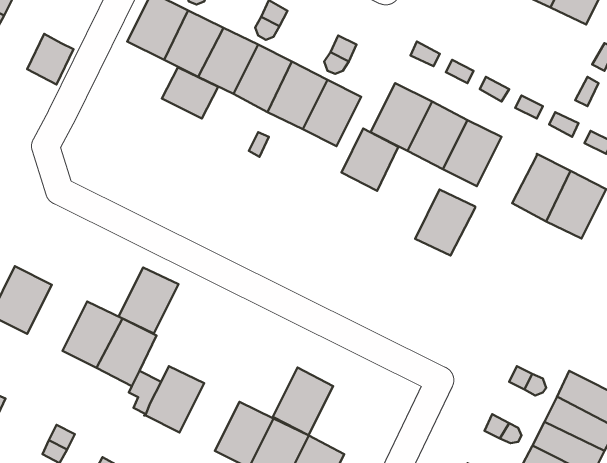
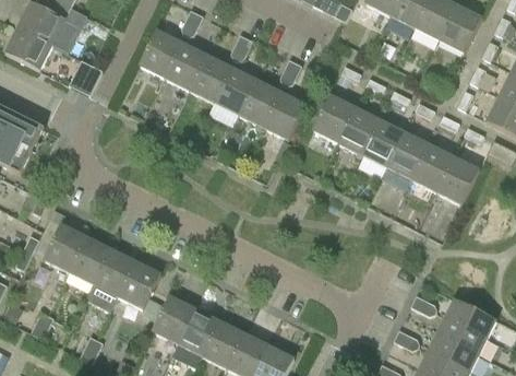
building: [162,67,218,118] -> none
building: [341,129,399,191] -> none
building: [415,189,475,256] -> [387,132,430,179]
building: [119,267,179,334] -> [69,237,111,284]
building: [273,368,333,435] -> [177,307,219,355]

